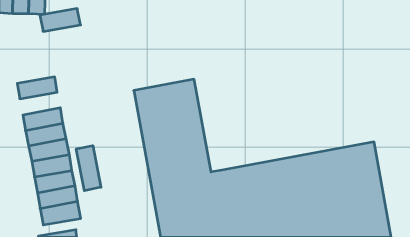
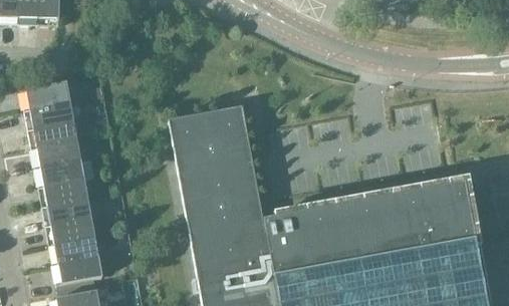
building: [40,9,81,31] -> [20,83,70,111]
building: none -> [27,122,77,150]
building: [76,146,101,191] -> none

